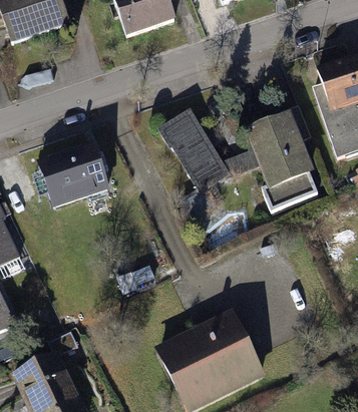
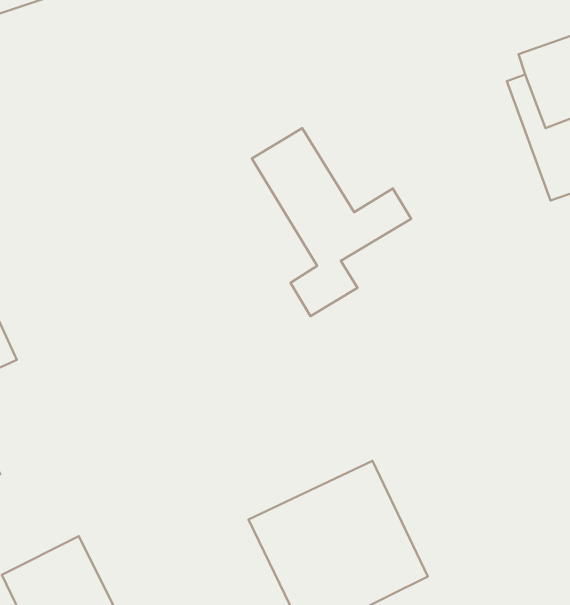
building: [253,116,321,207] -> none
building: [39,141,107,201] -> none

